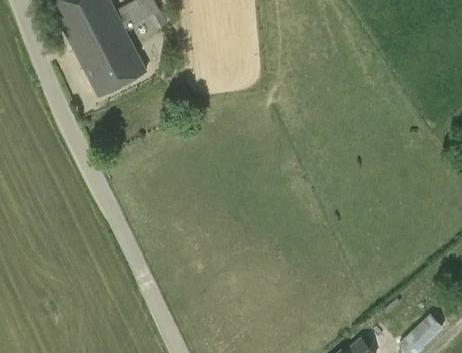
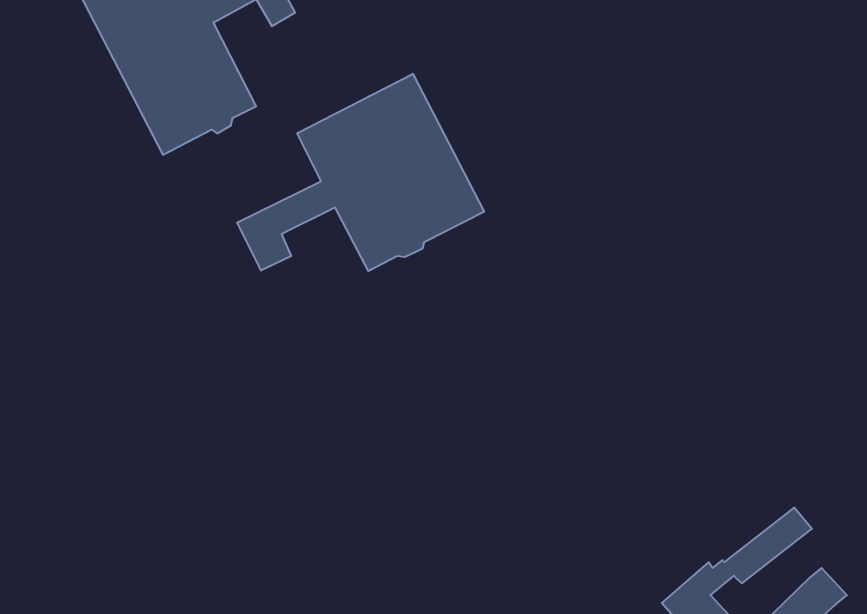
building: none -> [237,74,484,271]

